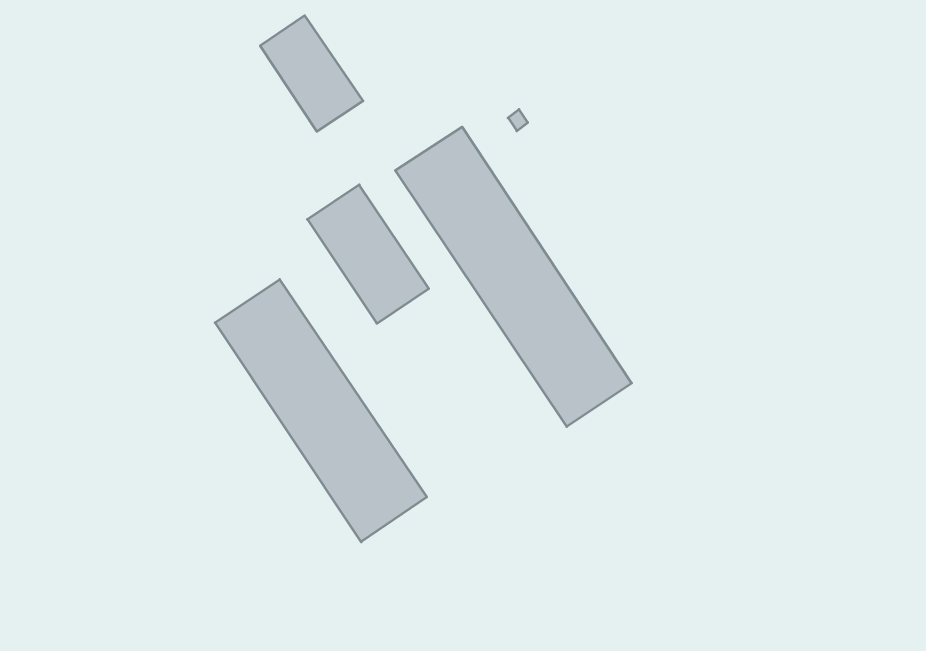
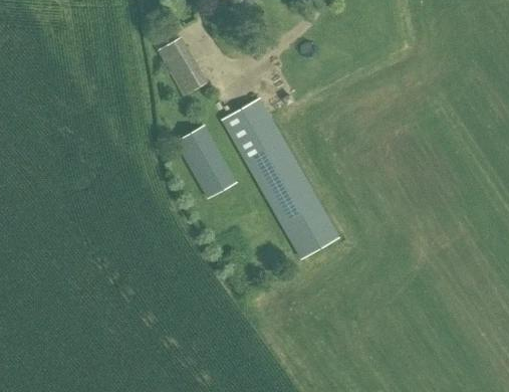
building: [215,279,427,542] -> none

